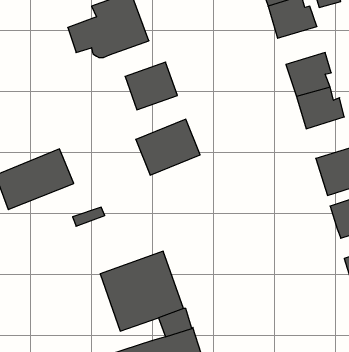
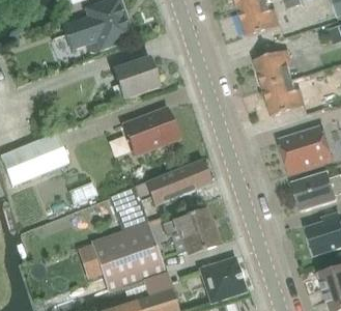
building: none -> [109,160,210,229]
building: none -> [162,209,219,255]
building: none -> [199,256,246,303]

